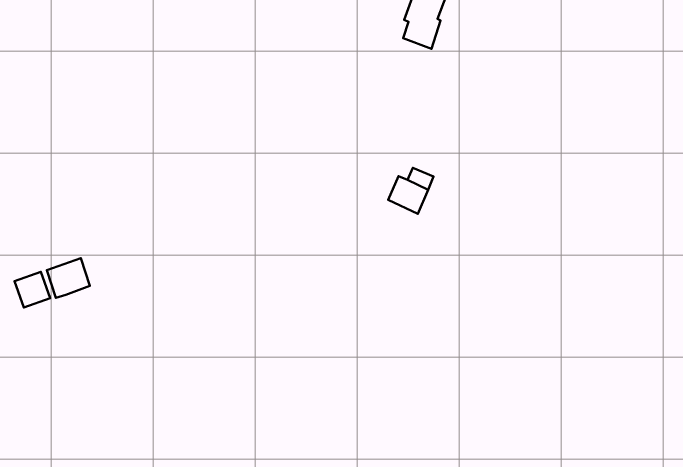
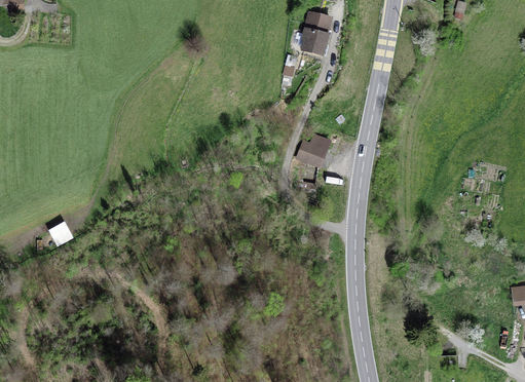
building: [47,258,90,298] -> none

